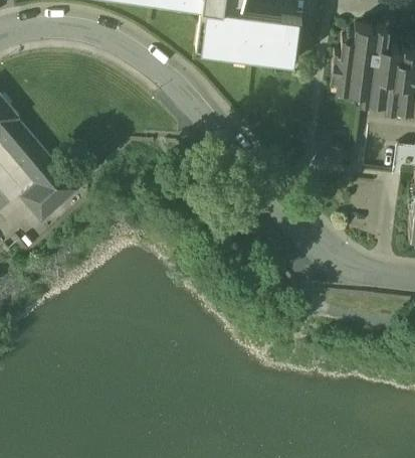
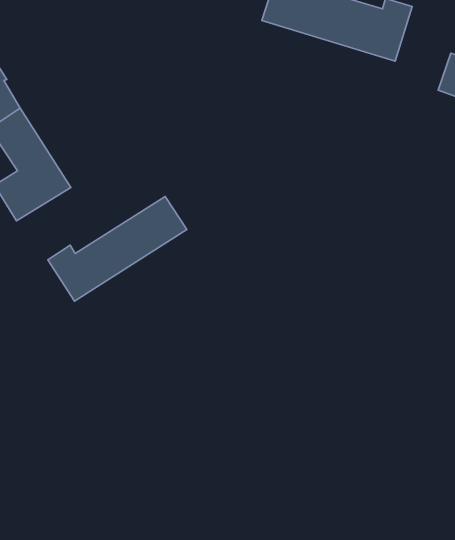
building: none -> [48,196,187,301]

